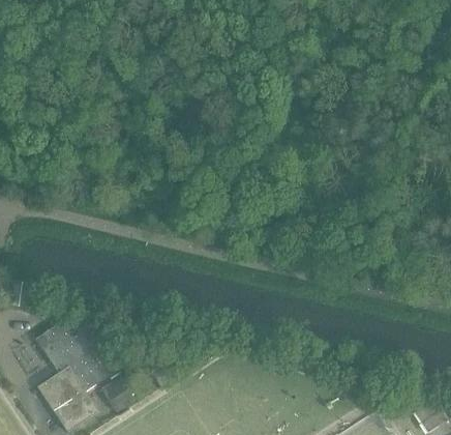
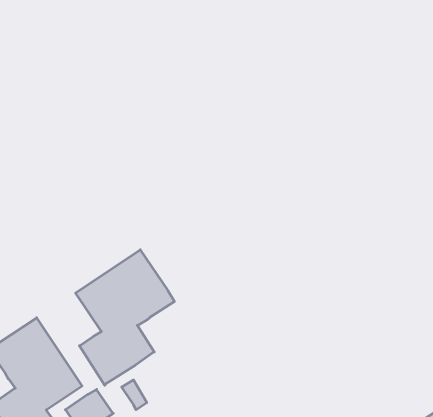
building: none -> [76,250,174,385]

